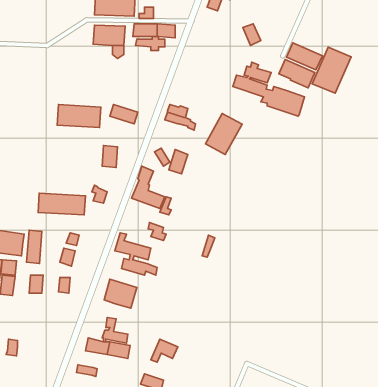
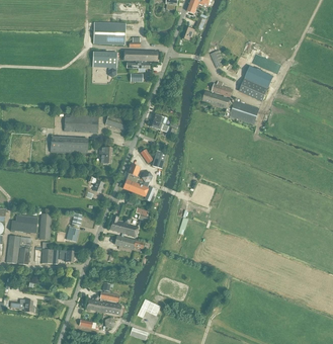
building: [312,47,351,93] -> none
building: [206,114,242,154] -> none
building: [38,193,85,215] -> [49,137,86,154]
building: [104,279,137,308] -> none

